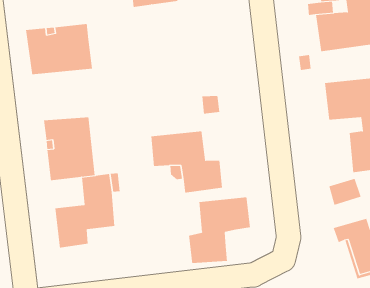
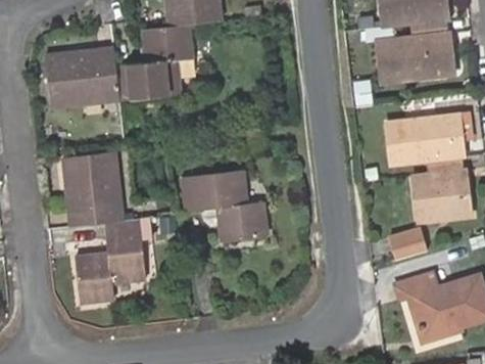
building: none -> [115,27,190,102]
building: [189,197,250,264] -> none

